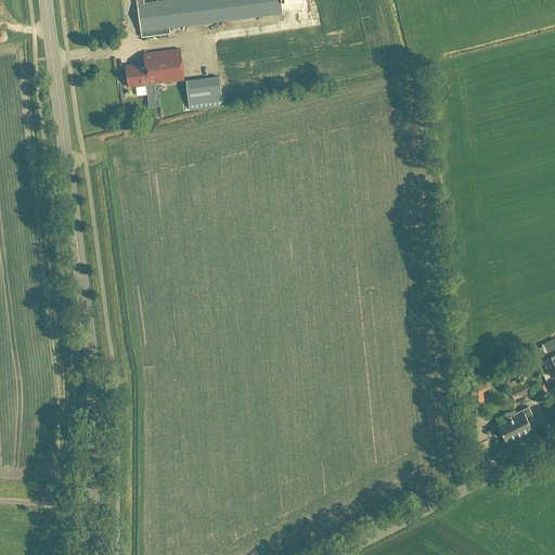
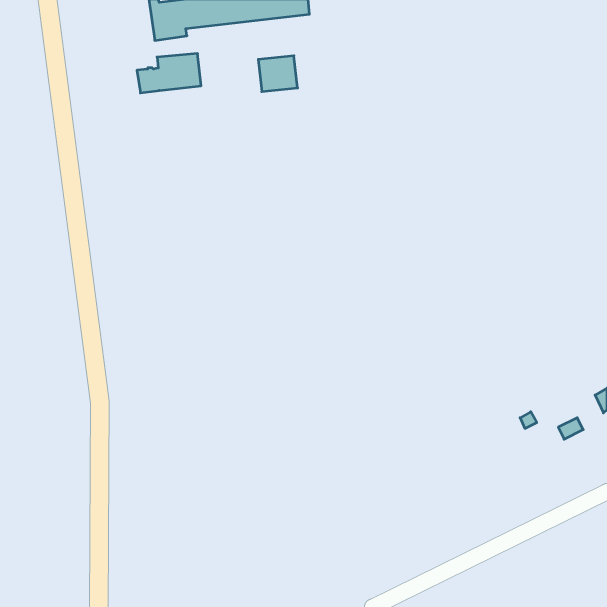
building: [185,77,221,109] -> [258,56,298,92]
building: [491,405,533,441] -> none

